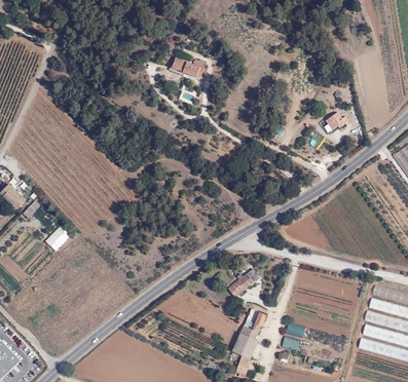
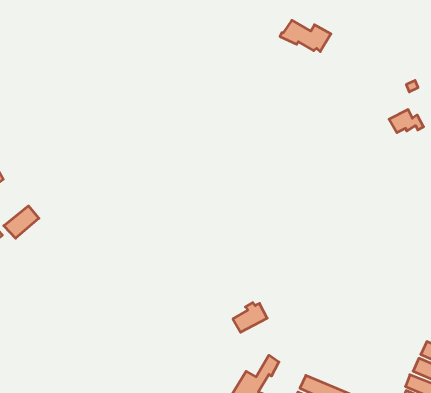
building: [169,58,207,78] -> [280,20,331,52]

